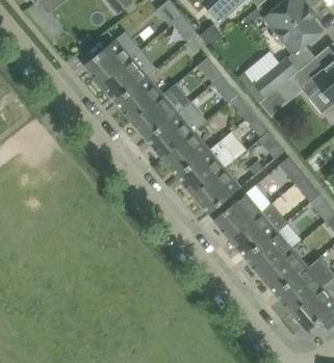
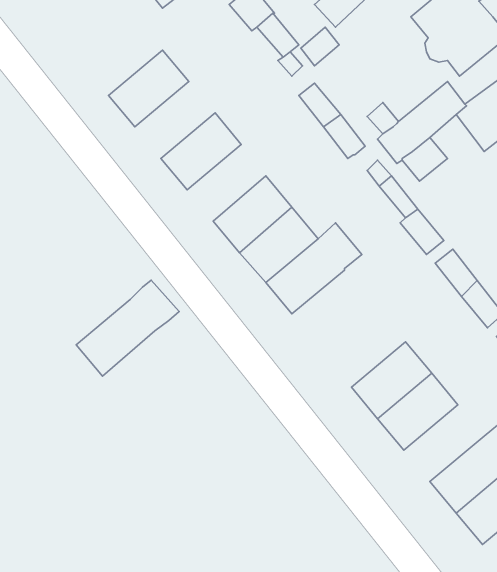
building: [100,56,148,102] -> none
building: [131,82,192,139] -> [76,280,179,376]
building: [194,168,240,213] -> none
building: [213,192,261,238] -> none
building: [260,249,308,294] -> none

